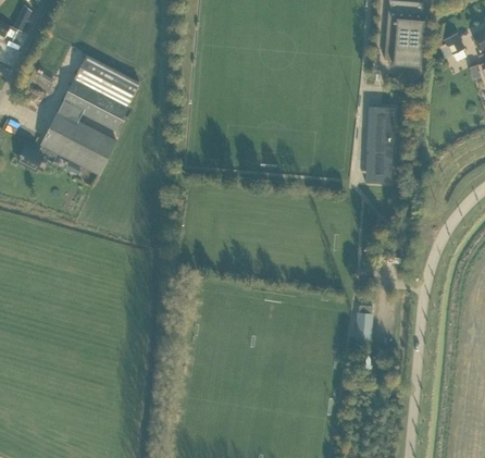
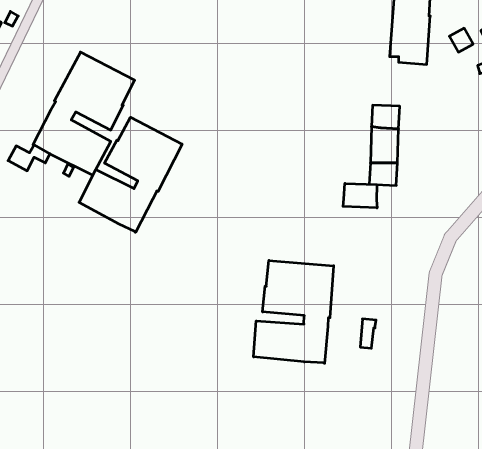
building: none -> [79,117,182,232]
building: none -> [343,183,377,208]
building: none -> [254,260,334,363]

